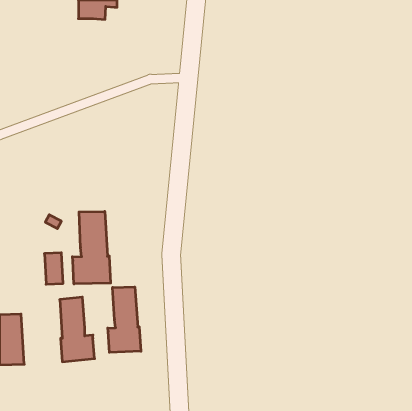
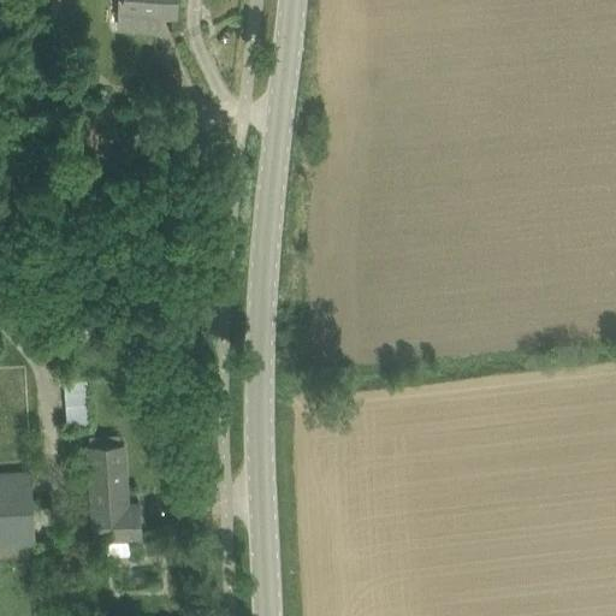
building: [72,211,111,284] -> none
building: [108,287,141,352] -> none

